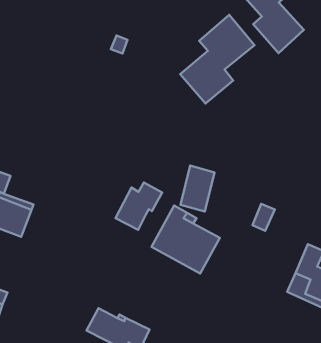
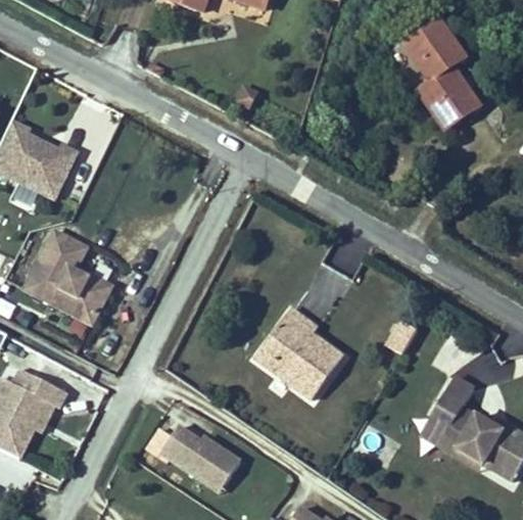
building: [180,15,254,104] -> none
building: [116,182,162,230] -> none

